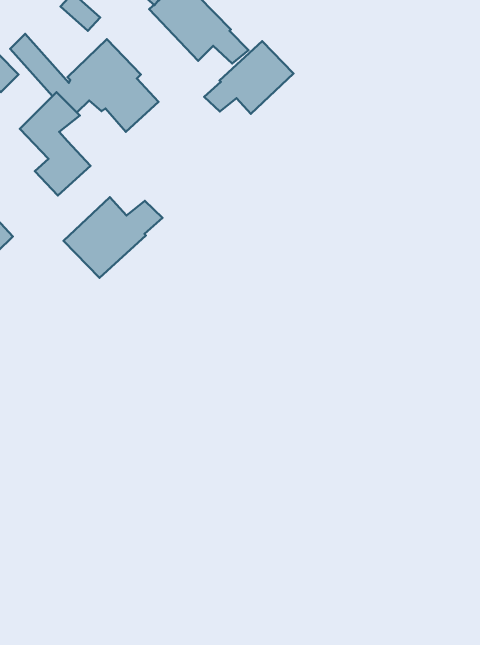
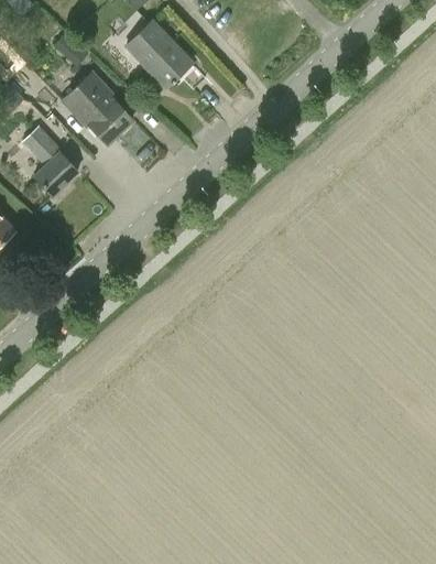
building: [204,41,294,114] -> none
building: [64,197,162,278] -> none

